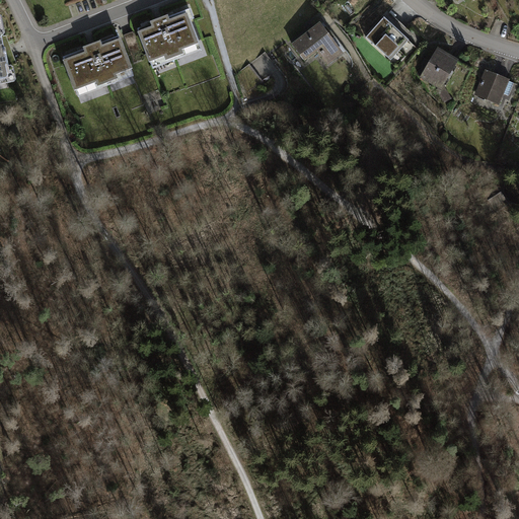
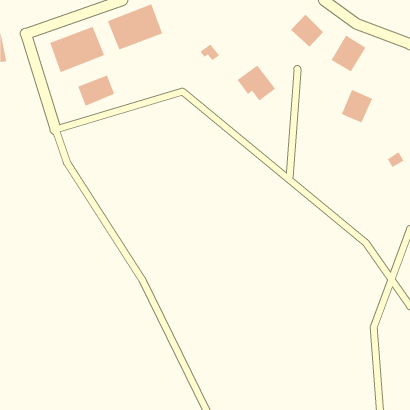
building: [292,20,342,67] -> [237,65,276,102]
building: [472,67,513,110] -> [341,89,373,123]
building: none -> [77,75,115,107]

